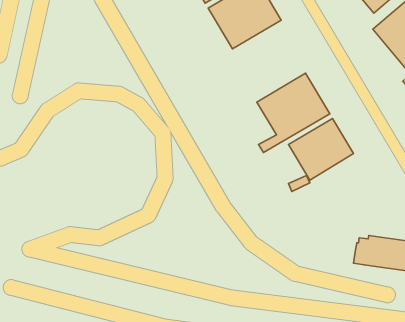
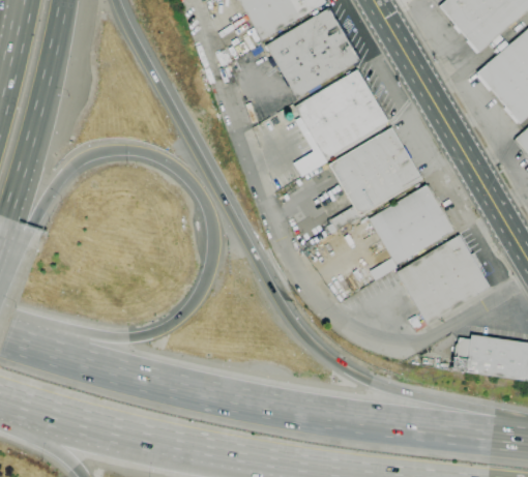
building: none -> [295,69,388,176]
building: none -> [397,234,491,324]

